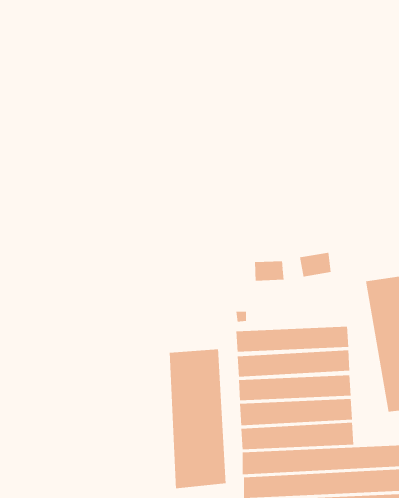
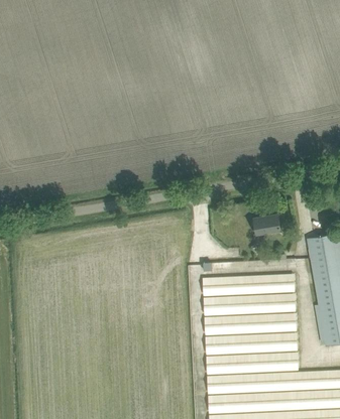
building: [255,260,284,281] -> none
building: [169,348,226,489] -> none

